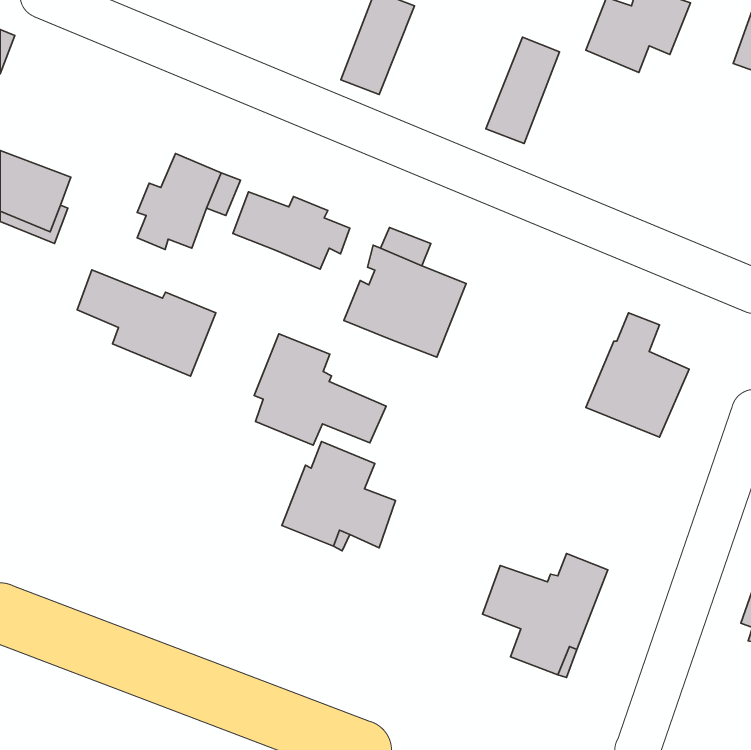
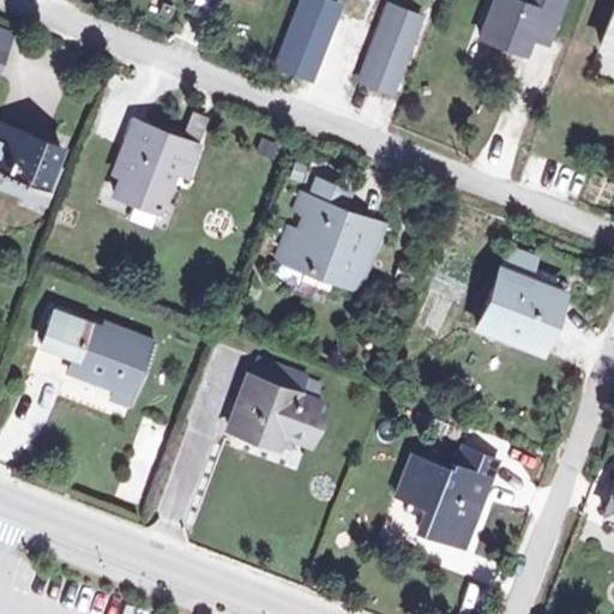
building: [486,37,559,144] -> [361,7,421,94]
building: [233,192,350,269] -> none
building: [77,270,216,376] -> [43,307,156,393]
building: [254,334,386,445] -> none

